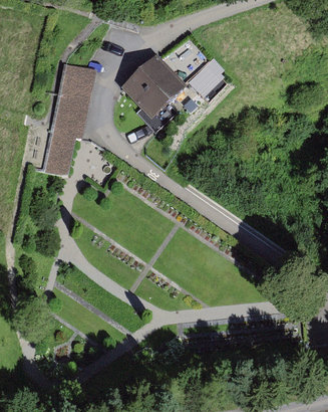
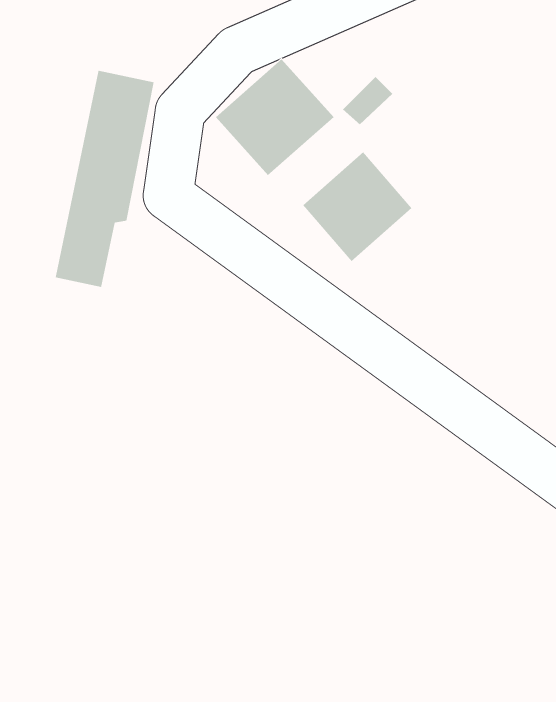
building: none -> [303,151,412,262]

